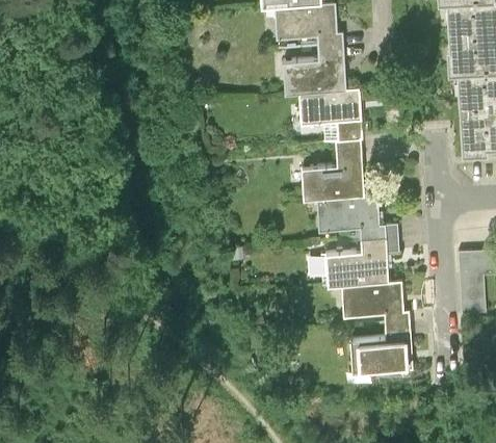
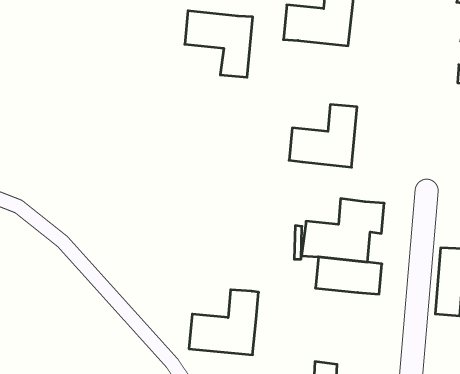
building: [299,87,362,145] -> [185,11,253,77]
building: [318,200,381,231] -> none
building: [353,313,413,373] -> [189,290,259,355]

